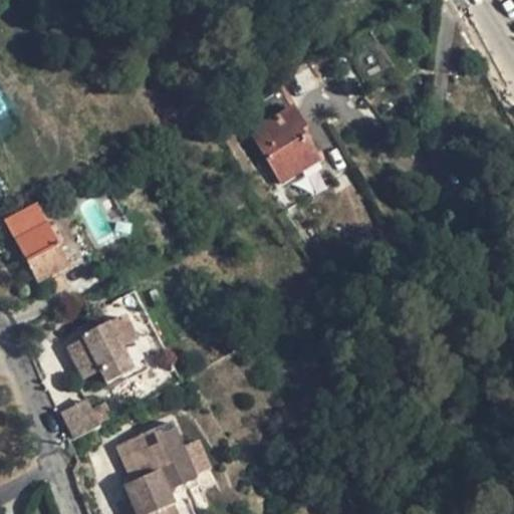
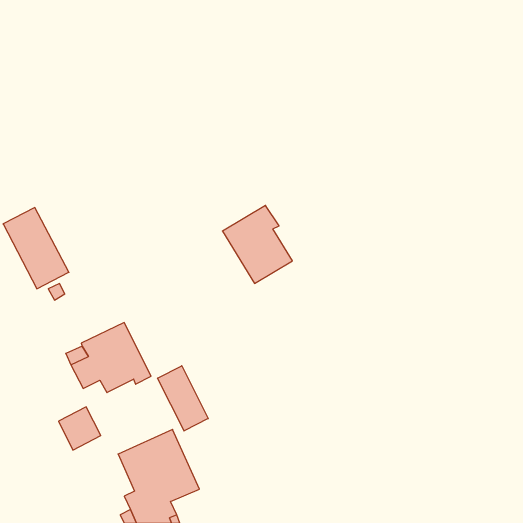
building: [250,106,318,183] -> [222,205,292,283]
building: none -> [158,366,208,431]

